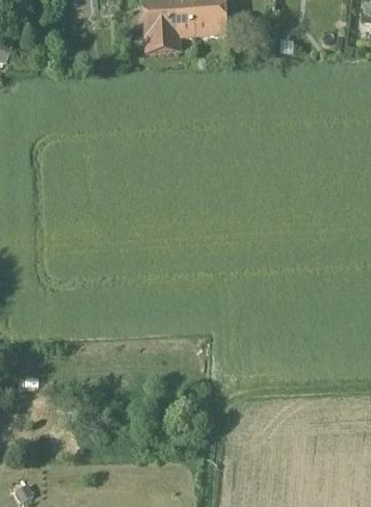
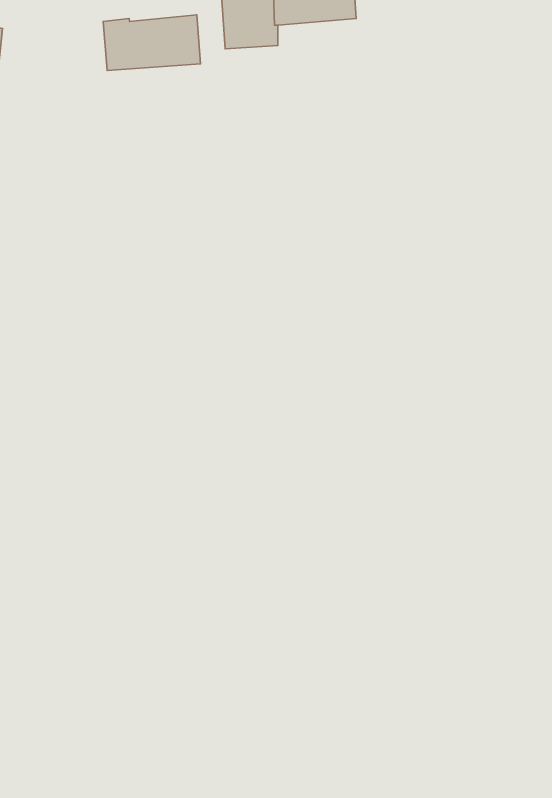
building: none -> [103,15,201,70]

